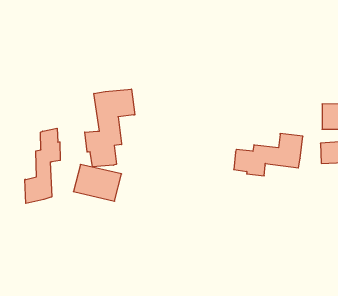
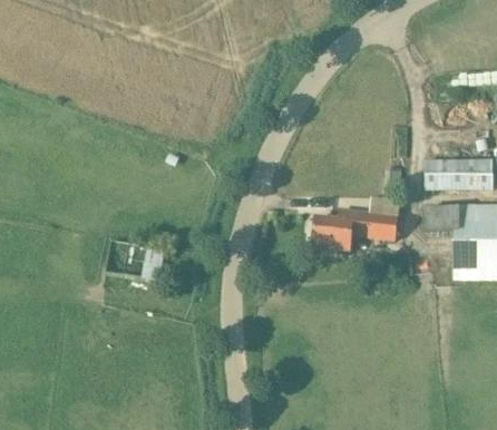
building: [85,89,135,167] -> none
building: [25,128,60,203] -> none

